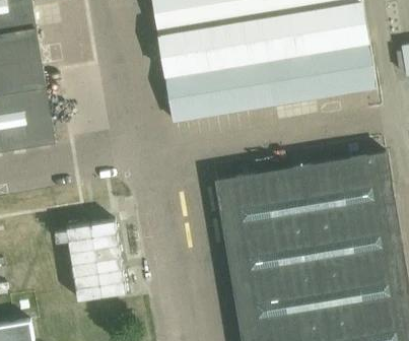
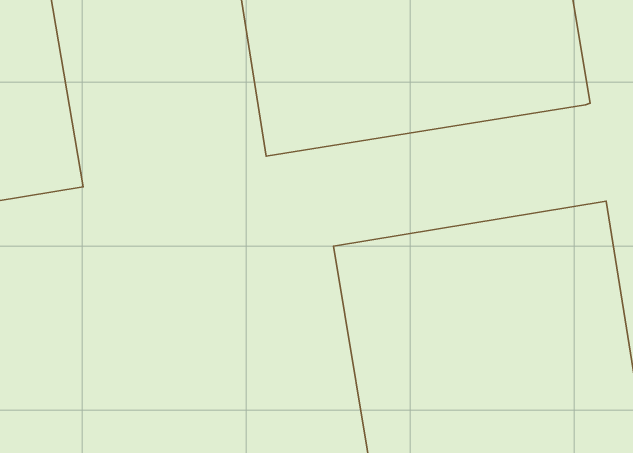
building: [68,218,128,298] -> none

